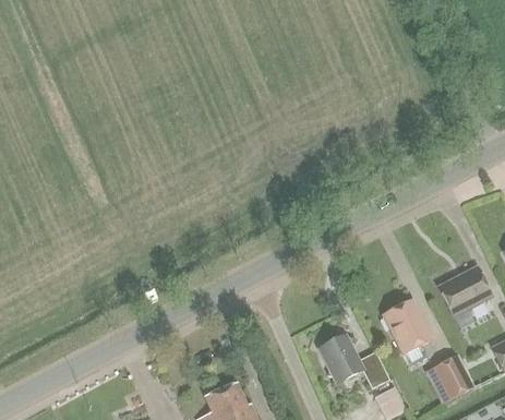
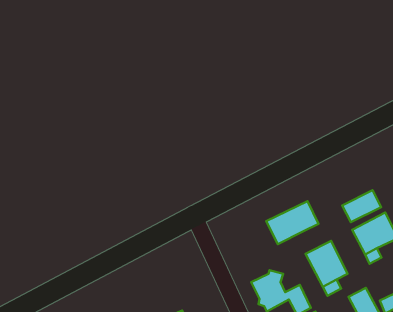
building: none -> [342,190,381,222]
building: none -> [266,201,318,244]

